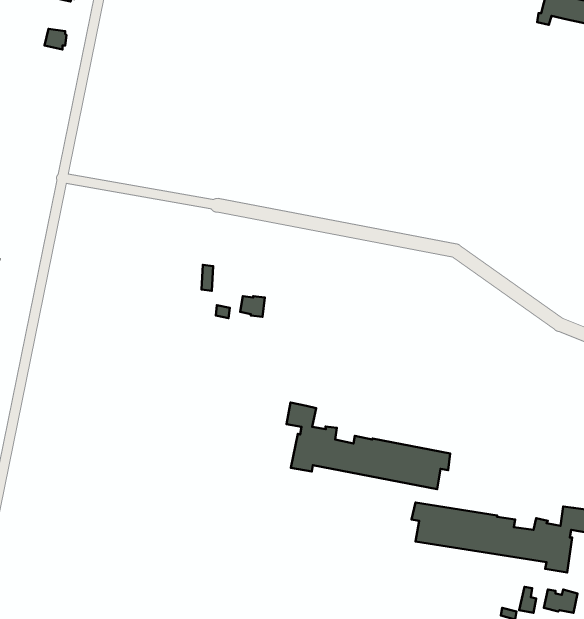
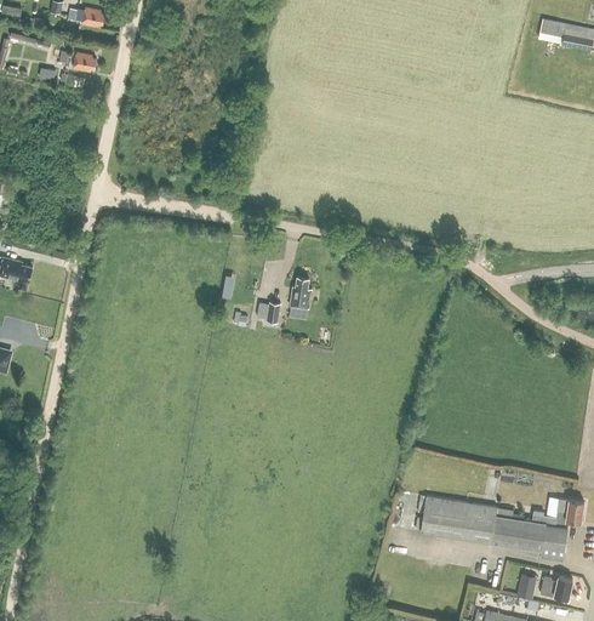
building: none -> [289,277,310,309]
building: [287,403,450,489] -> none

